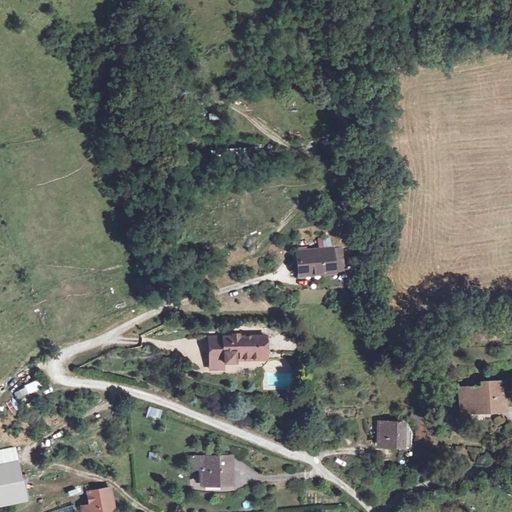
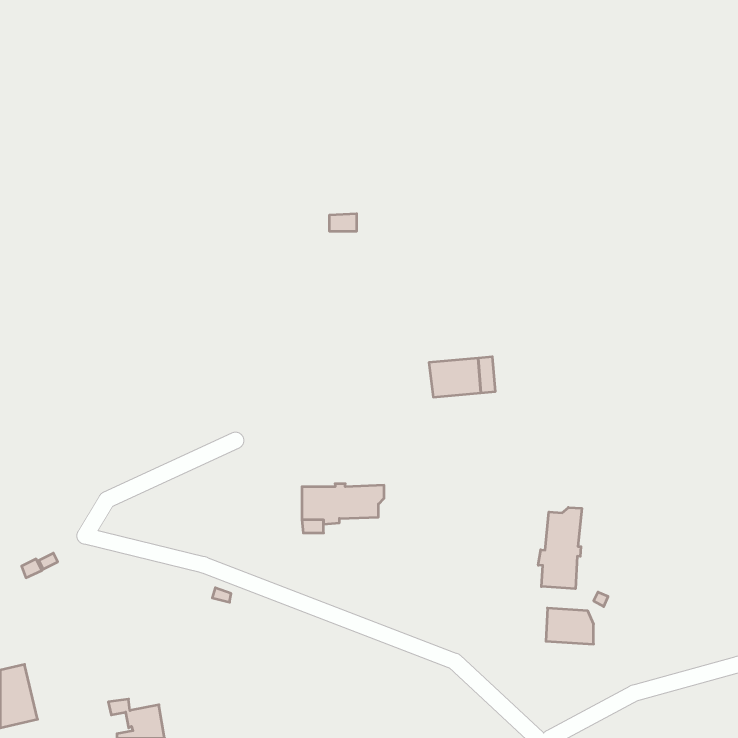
building: none -> [538,507,582,589]
building: [466,381,501,410] -> none
building: [191,456,232,484] -> none

